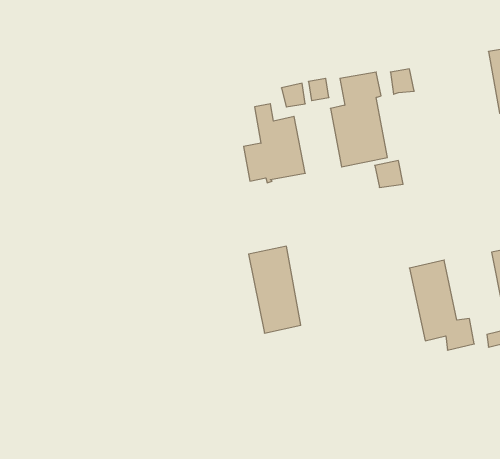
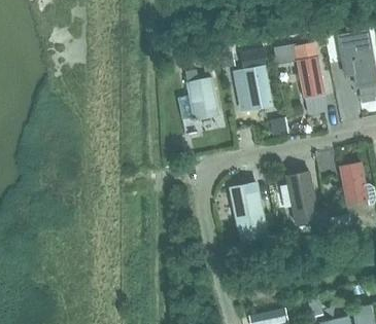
building: none -> [298,58,324,98]
building: [249,246,301,333] -> [233,183,267,240]

